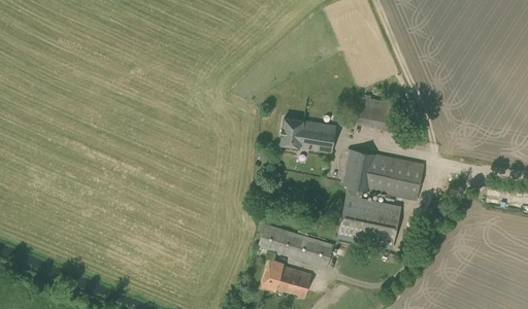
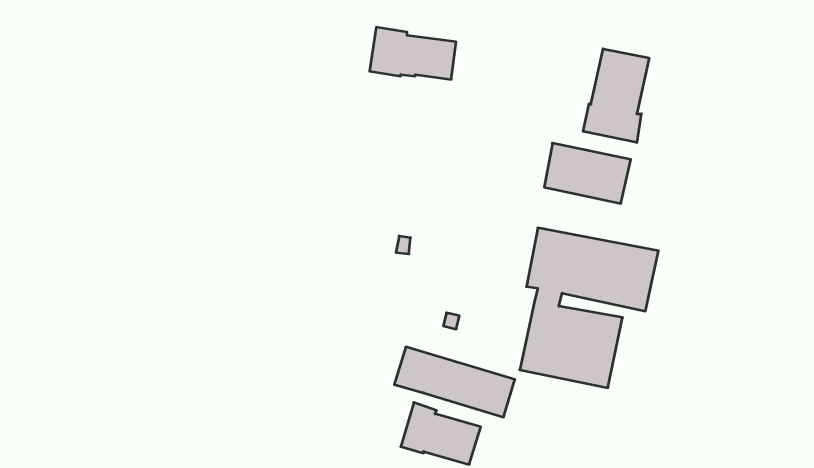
building: none -> [583,49,649,143]
building: [280,117,335,150] -> [370,27,456,79]

